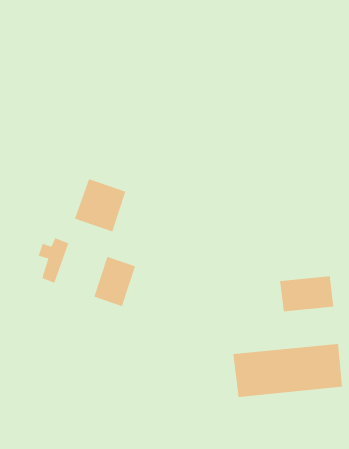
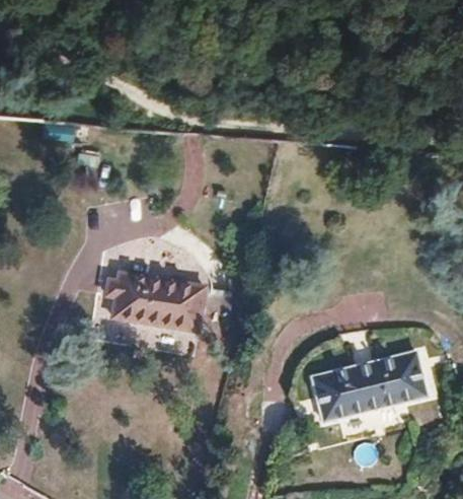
building: [74,178,126,232] -> [126,279,175,331]
building: [280,276,334,312] -> none

